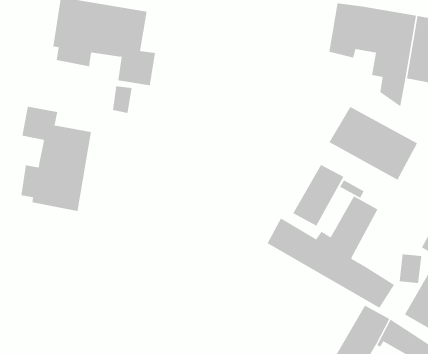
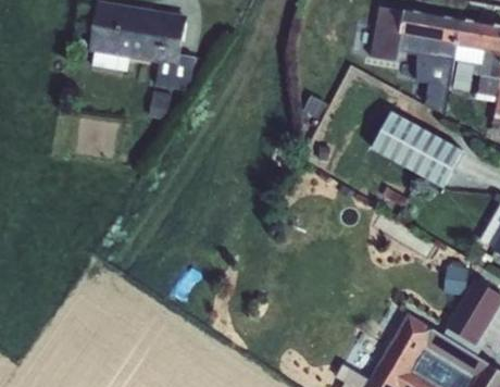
building: [21,106,91,212] -> none
building: [292,164,344,227] -> none
building: [267,196,395,309] -> none

